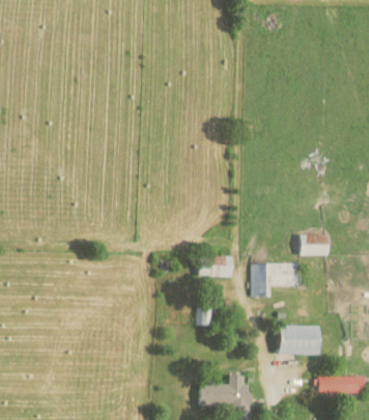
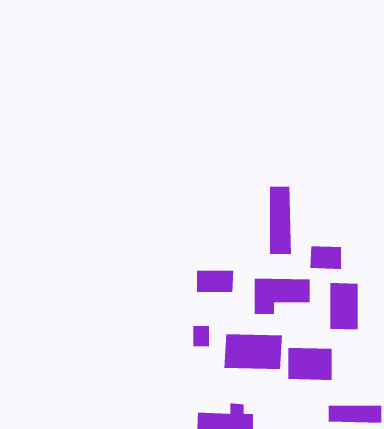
building: none -> [269,186,292,255]
building: none -> [330,282,358,330]
building: none -> [224,333,283,370]

